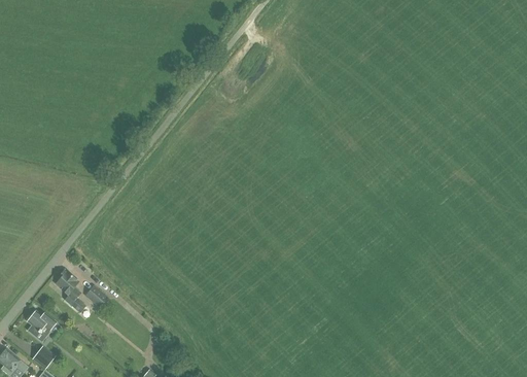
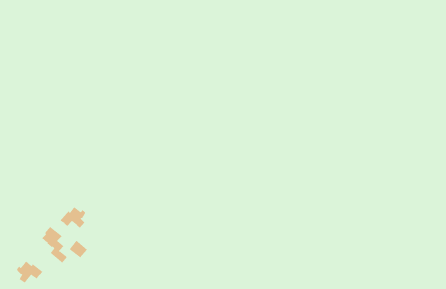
building: none -> [60,206,86,228]

